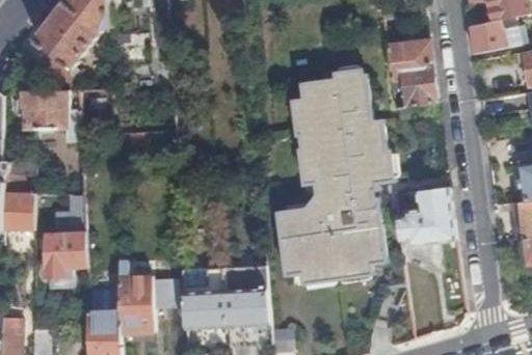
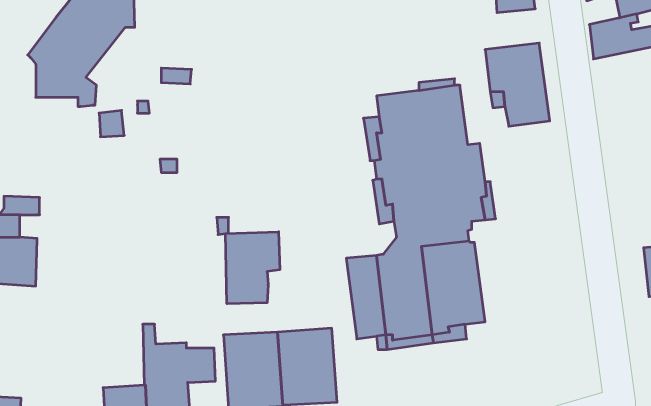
building: [23,89,80,140] -> none
building: [395,185,455,244] -> none
building: none -> [226,232,280,304]
building: [44,194,85,277] -> none

